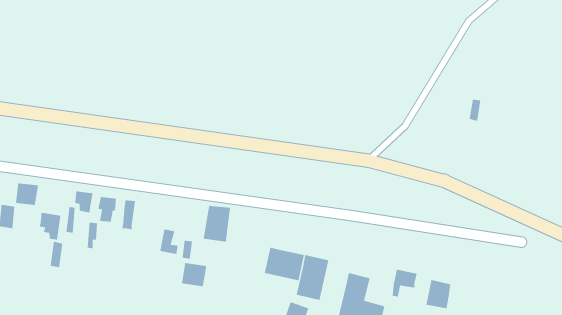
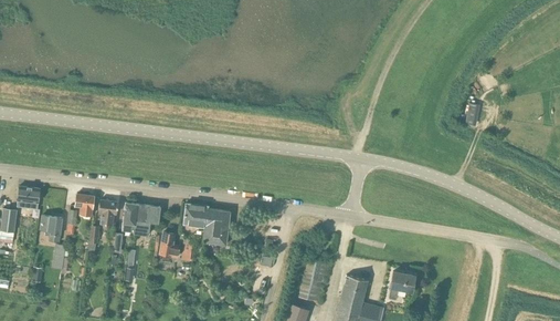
building: none -> [134,204,161,235]
building: [264,247,305,281] -> none
building: [181,262,207,287] -> [183,203,209,227]
building: [426,279,451,309] -> none

